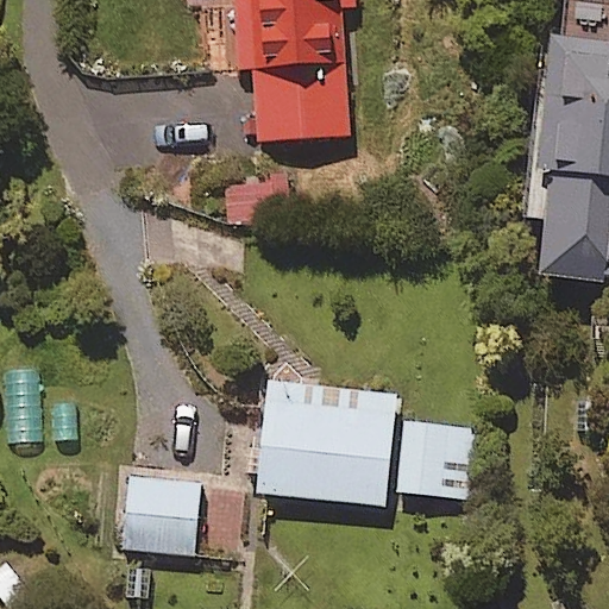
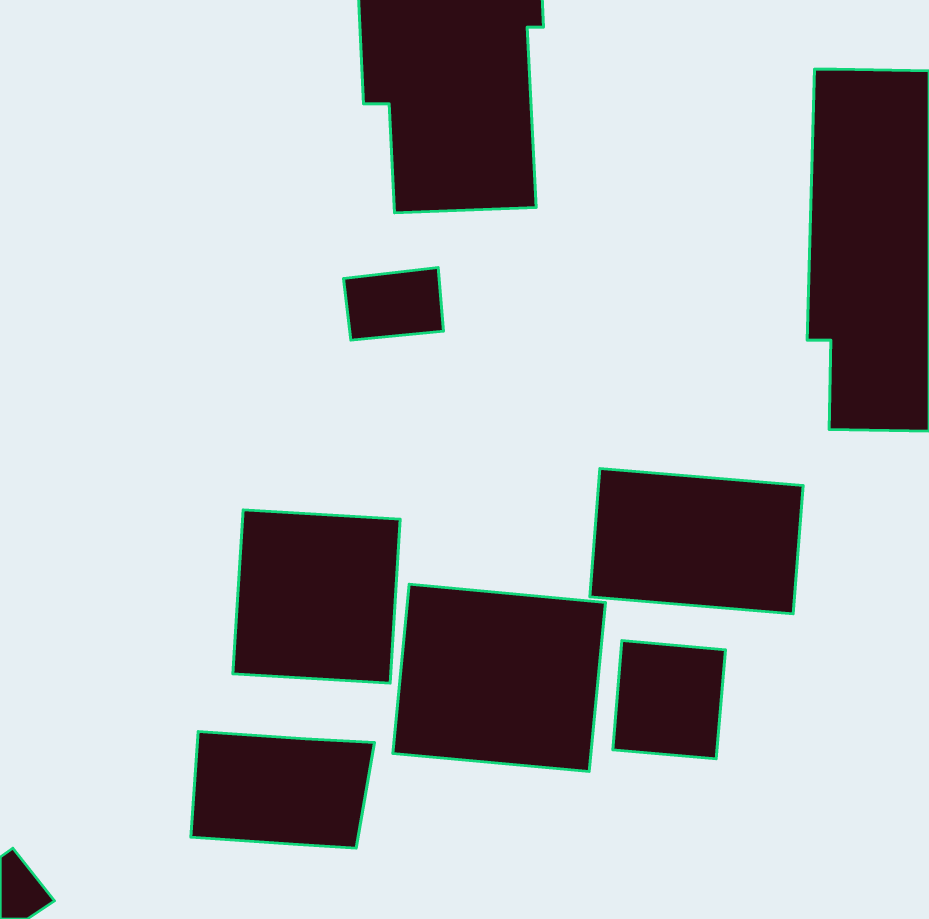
building: none -> [590,468,803,614]
building: none -> [233,510,400,683]

